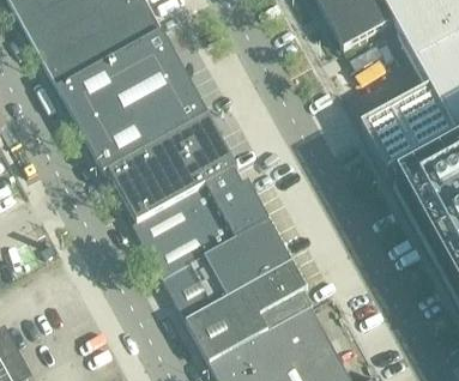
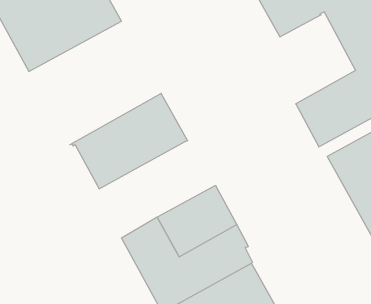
building: [56,29,207,170] -> none
building: [132,167,268,277] -> none

